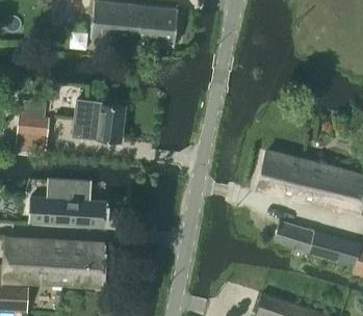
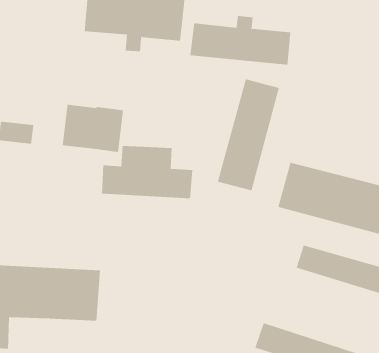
building: none -> [190,15,291,66]
building: none -> [217,79,279,191]
building: [30,180,109,226] -> [101,145,193,199]

